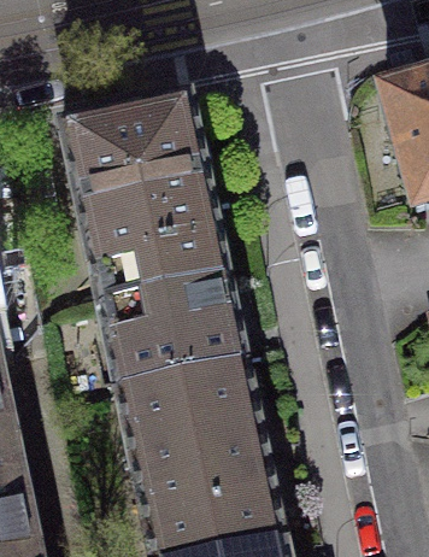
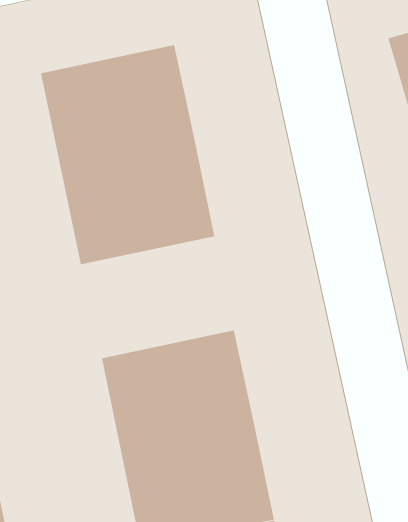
building: [100,277,243,391] -> none

